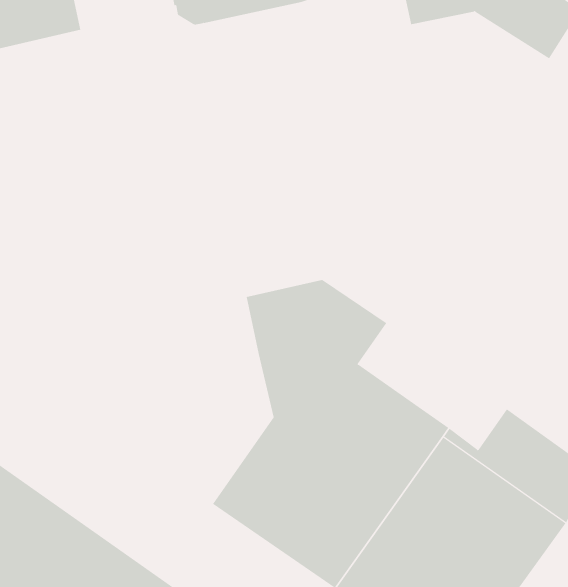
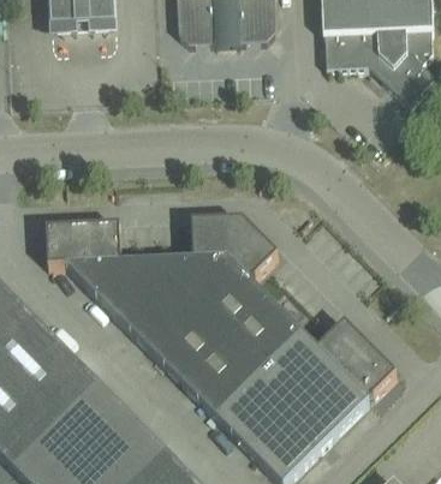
building: none -> [46,221,195,346]

